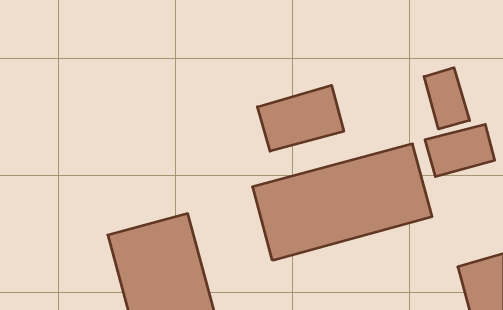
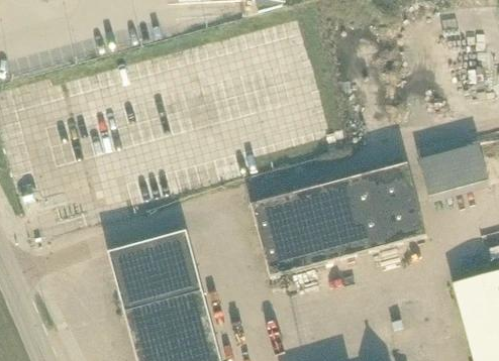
building: [424,68,470,129] -> none
building: [257,85,344,151] -> none

